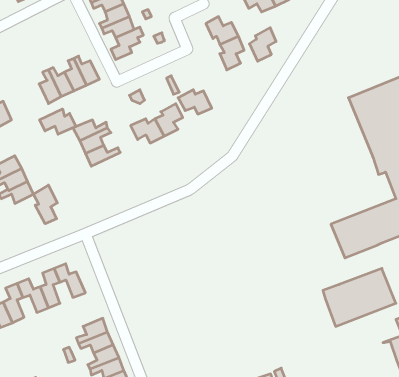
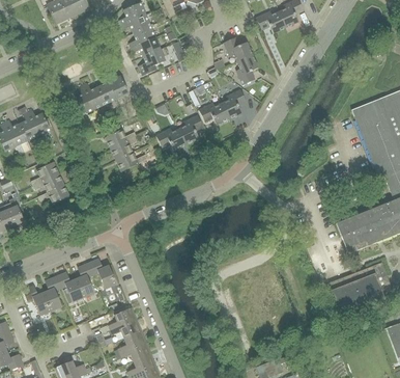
building: [249,28,276,61] -> [222,88,246,118]
building: [40,109,76,134] -> none
building: [33,185,57,224] -> none

